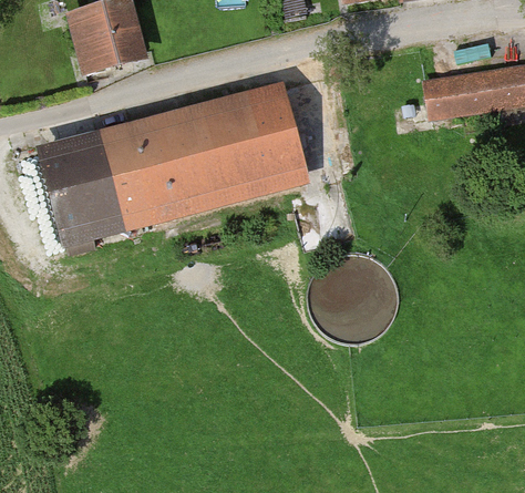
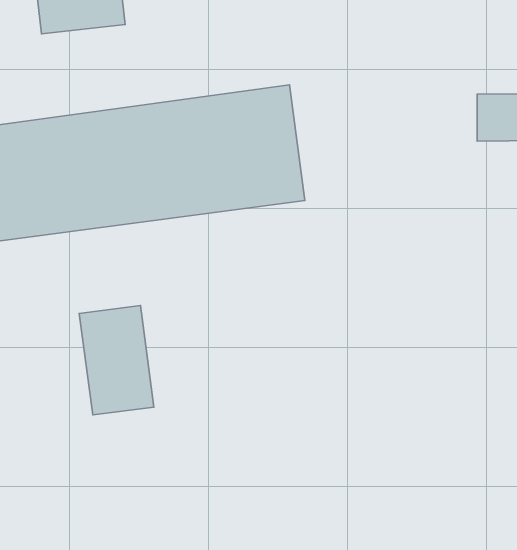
building: none -> [79,306,154,415]

